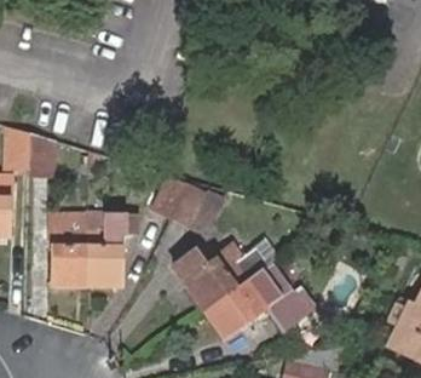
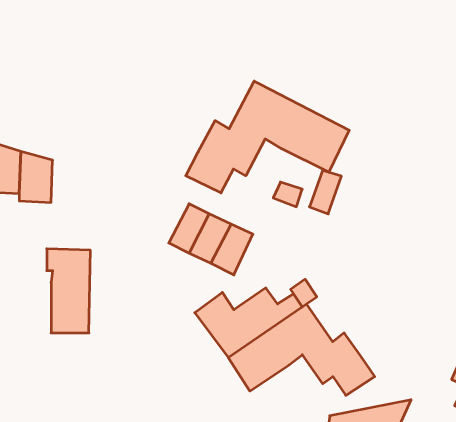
building: none -> [186,81,349,193]
building: [85,216,122,287] -> none

